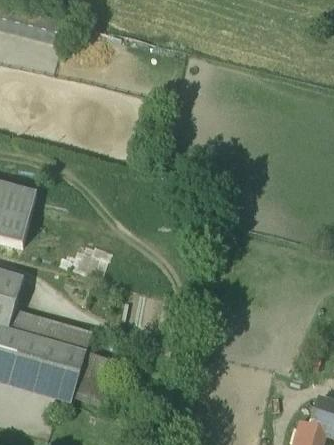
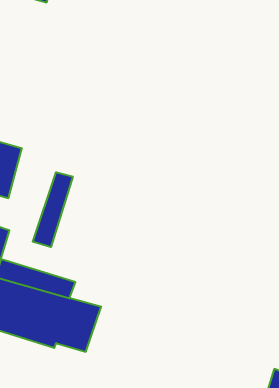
building: none -> [33,172,73,247]

